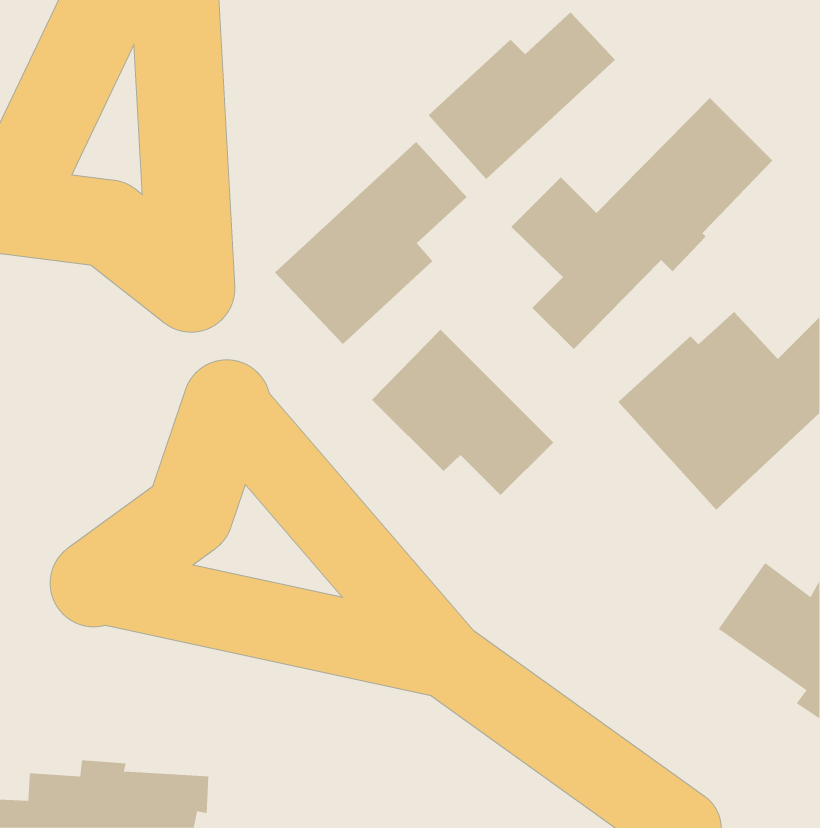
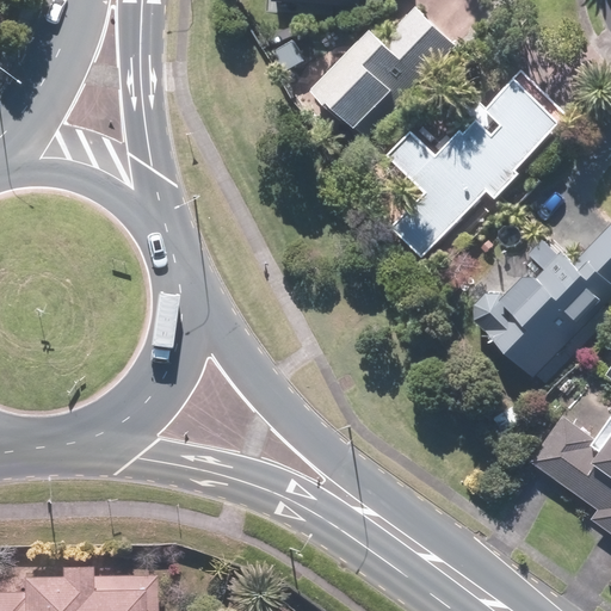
building: [274,141,467,345] -> none
building: [371,329,554,496] -> none

